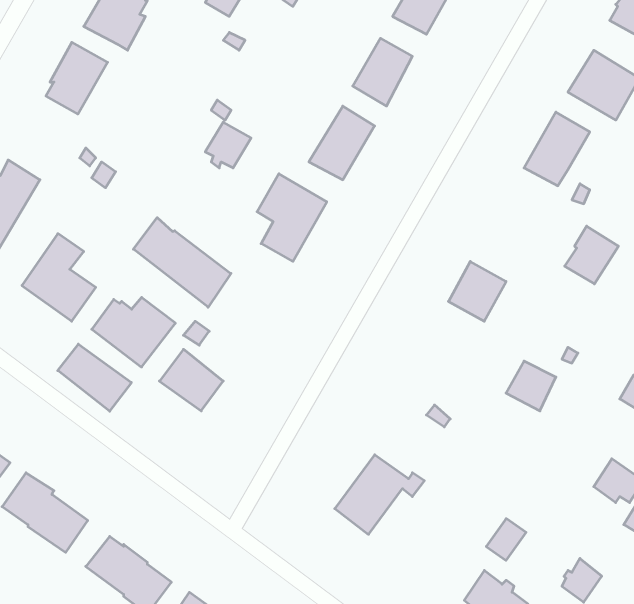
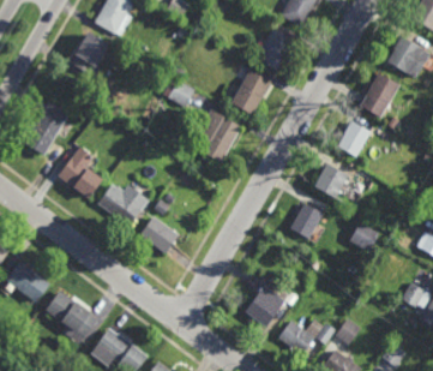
building: [133,218,231,307] -> none
building: [565,226,618,284] -> [338,121,371,156]
building: none -> [290,203,324,239]
building: [58,344,131,411] -> none
building: none -> [279,318,337,355]

